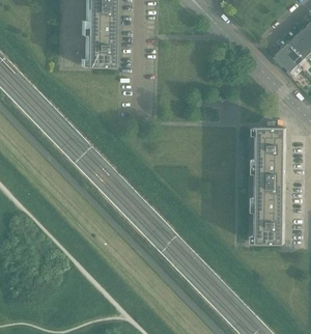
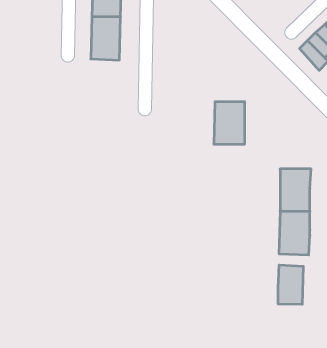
building: [256,127,284,165] -> [214,102,245,144]
building: none -> [278,265,303,304]

